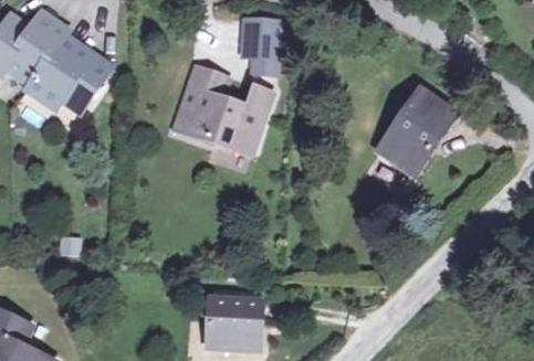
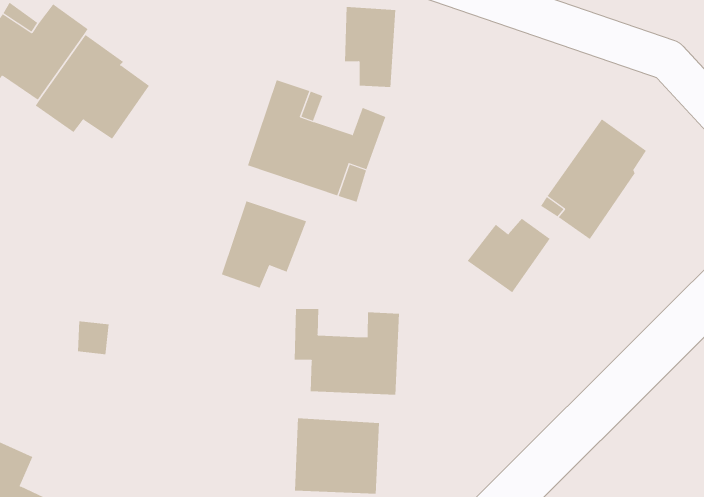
building: none -> [221,200,307,288]
building: none -> [467,218,551,293]
building: none -> [294,308,399,396]

